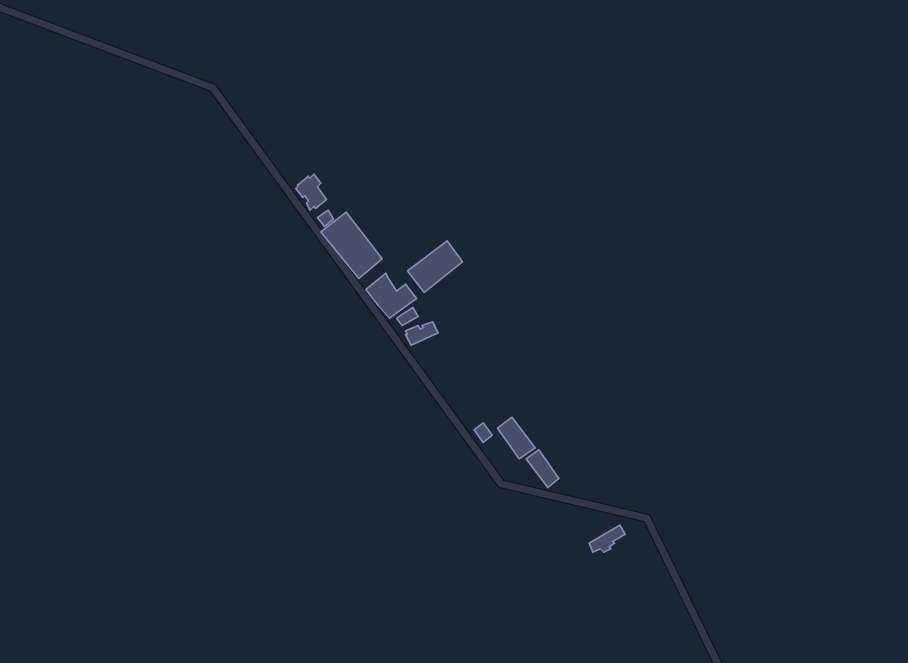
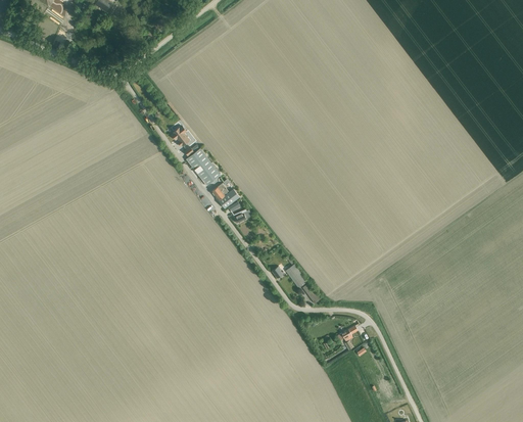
building: [407,241,462,292] -> none

